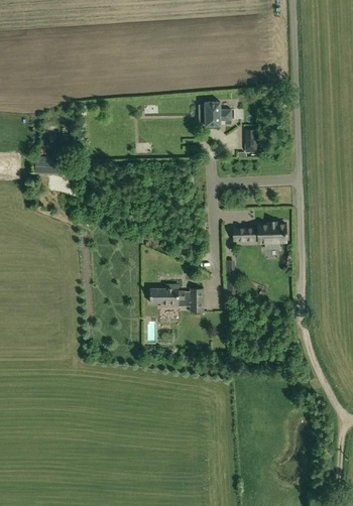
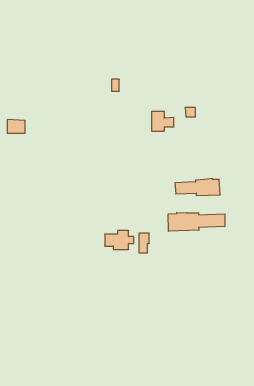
building: [203,101,229,124] -> [152,111,174,131]
building: none -> [168,212,225,231]

